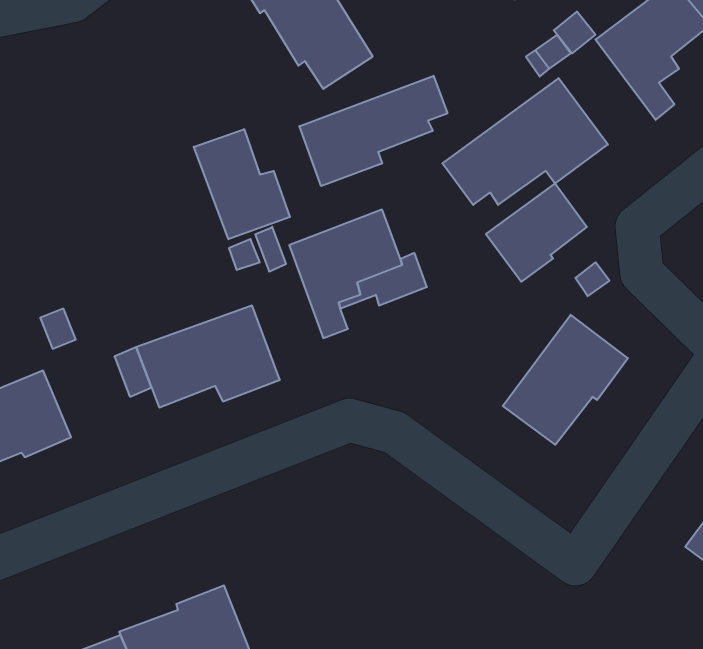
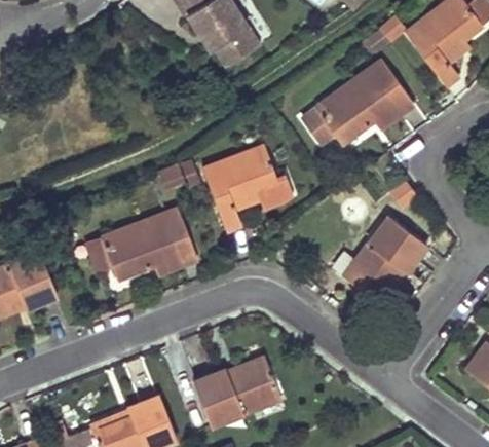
building: [299,76,447,186] -> none
building: [194,129,290,239] -> none
building: [486,183,587,282] -> none
building: none -> [193,358,281,425]

